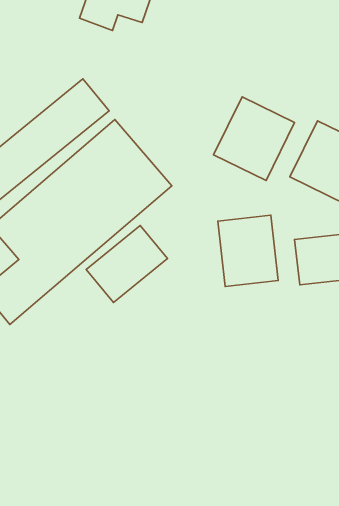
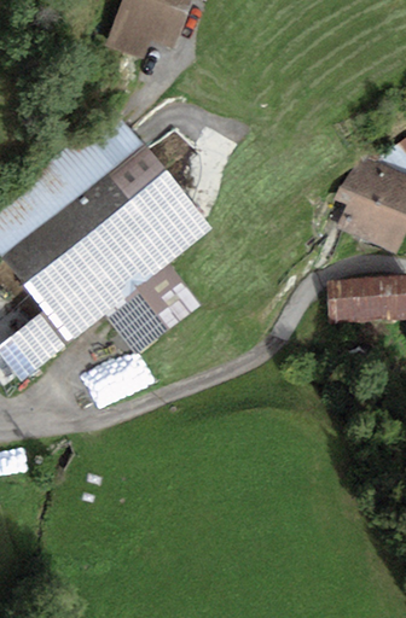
building: [214,97,295,181] -> none
building: [218,215,278,287] -> none

